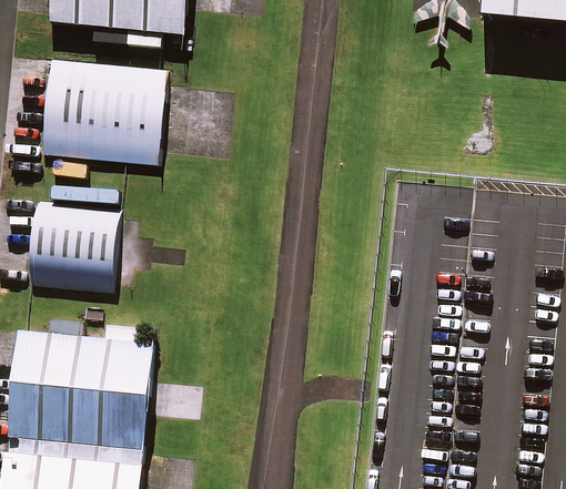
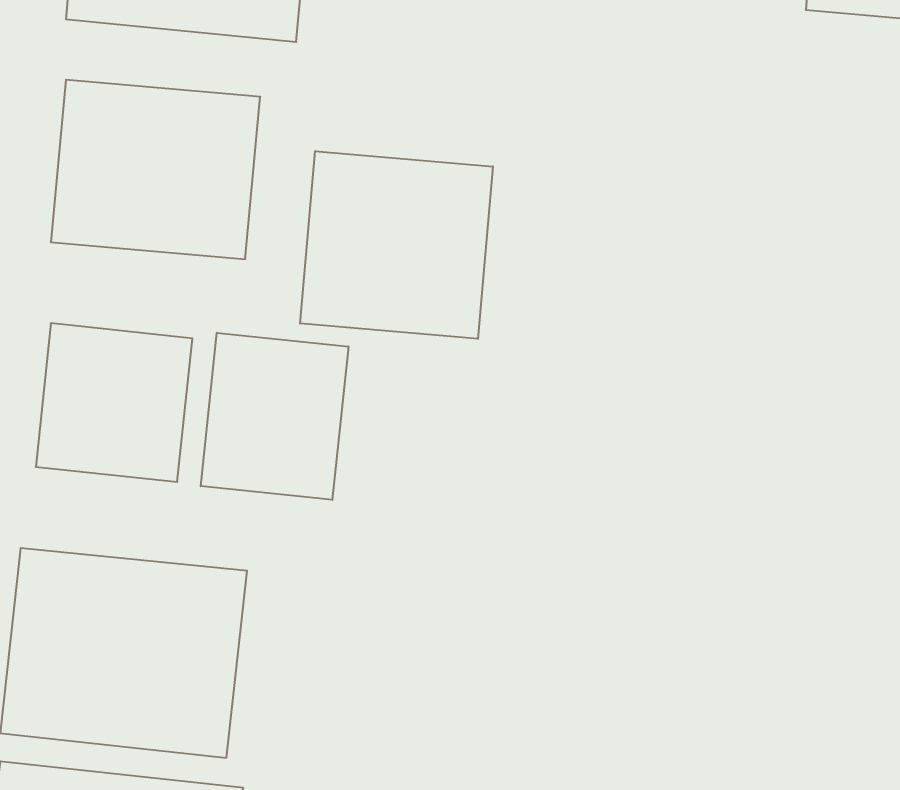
building: none -> [300,151,493,339]
building: none -> [201,333,348,500]

